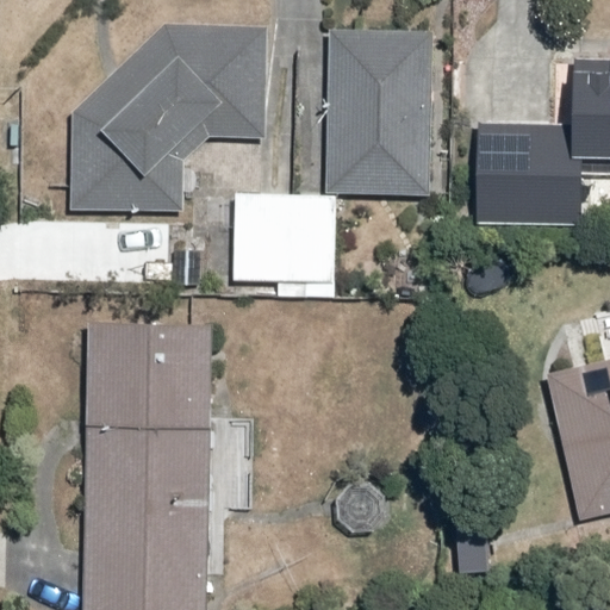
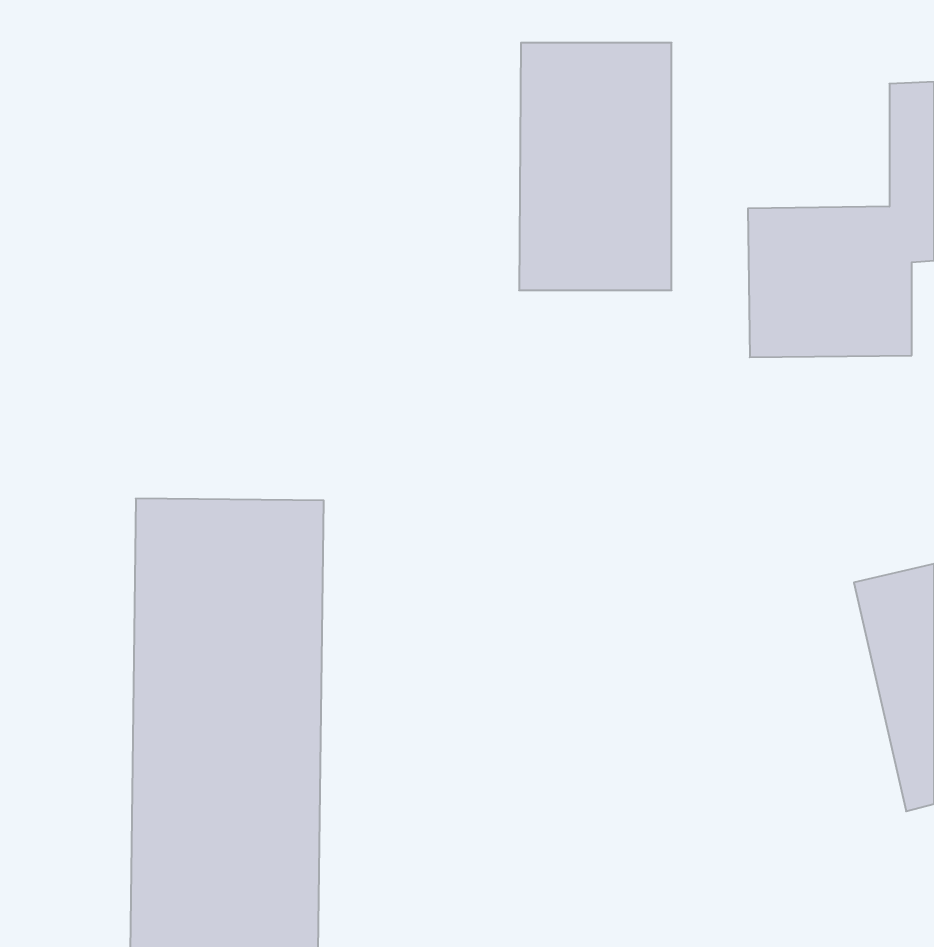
building: [71,33,267,210] -> none
building: [232,192,334,299] -> none

